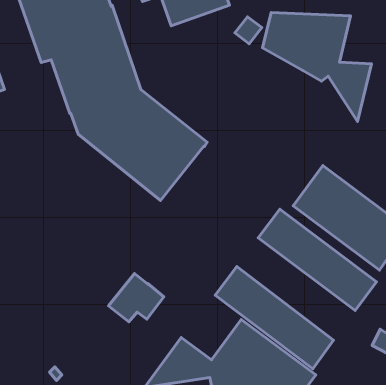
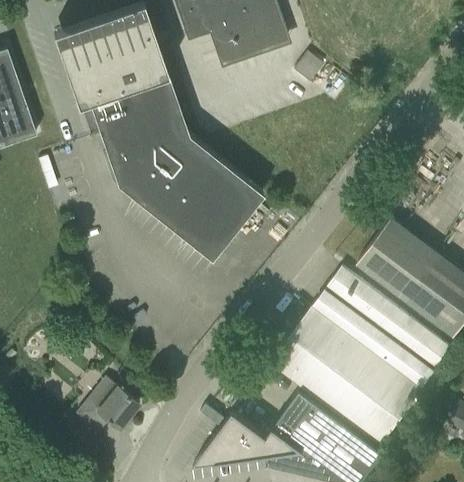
building: [263,13,372,122] -> none
building: none -> [295,301,427,415]
building: [108,274,164,322] -> [76,379,138,433]

